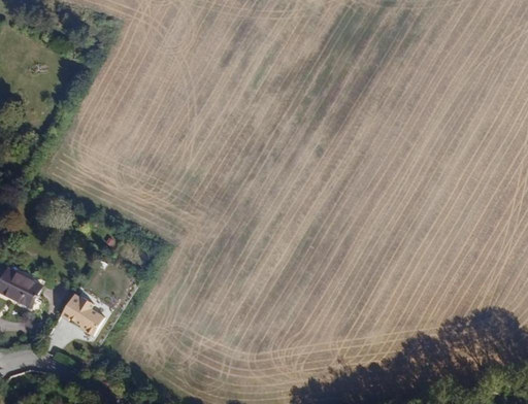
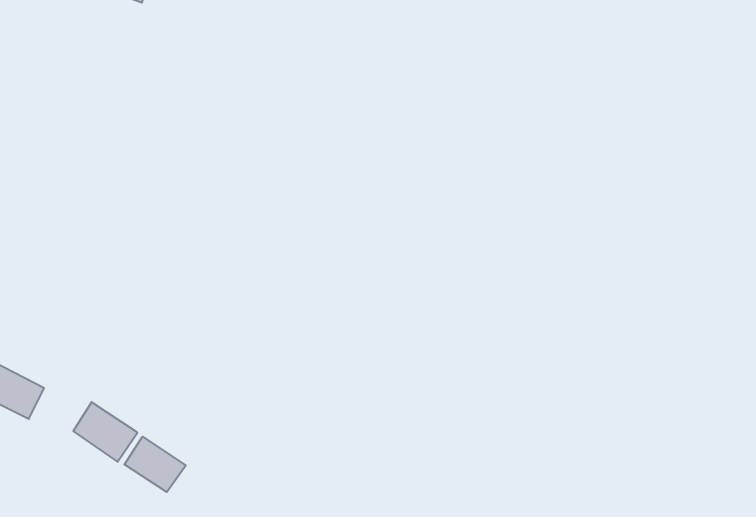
building: none -> [124,437,186,492]

